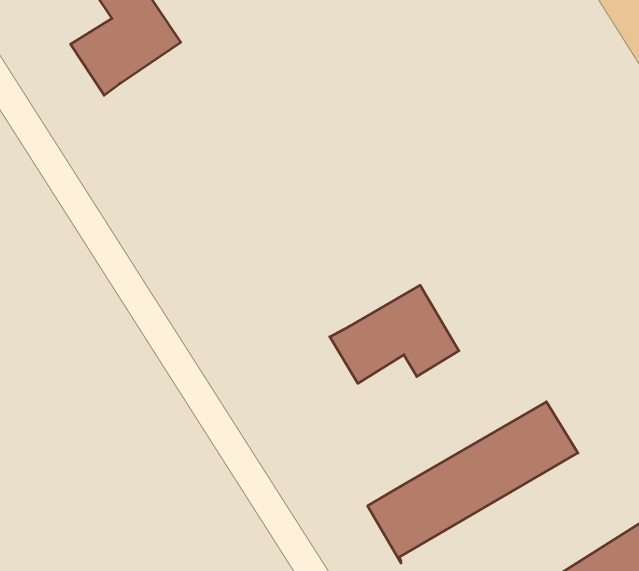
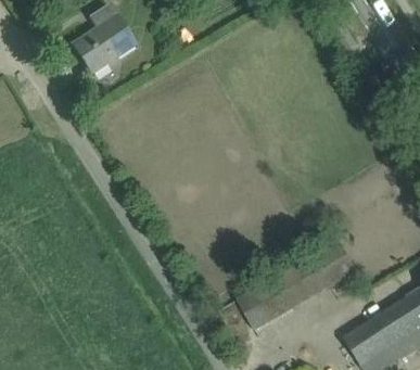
building: [330,285,459,383] -> none

